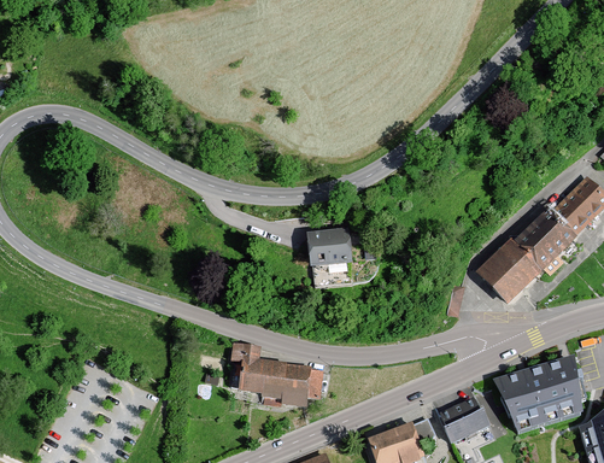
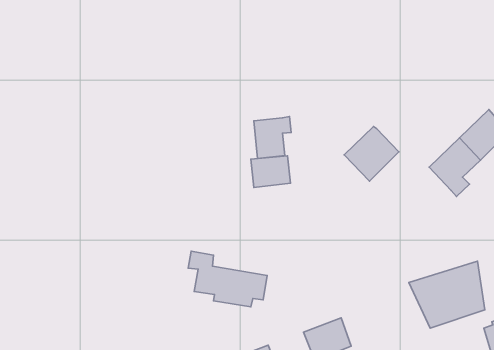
building: none -> [254,117,291,158]
building: [479,239,544,304] -> [344,126,399,181]
building: [438,395,491,444] -> none

